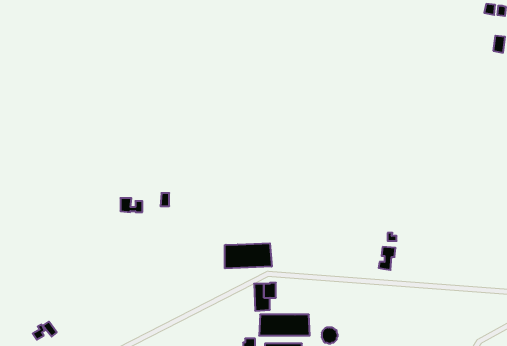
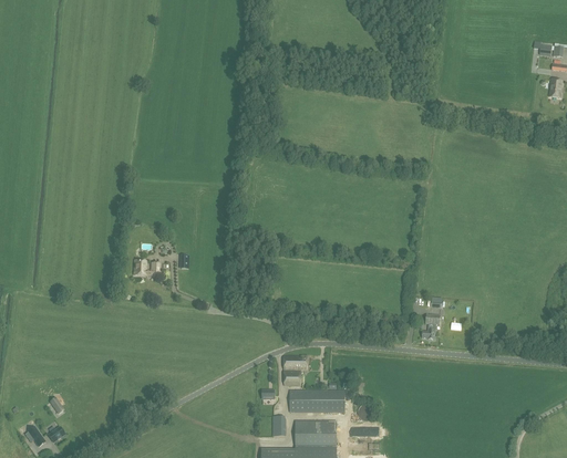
building: [225,243,272,268] -> none

